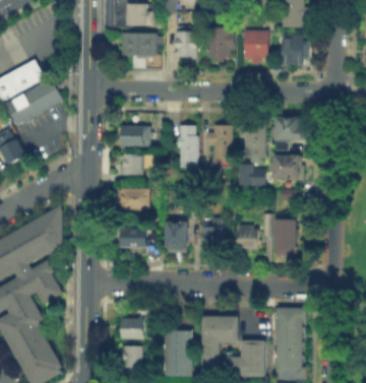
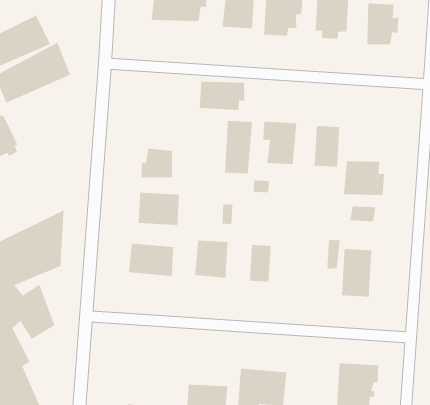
building: [274,115,301,140] -> none
building: [120,126,155,147] -> [199,81,245,110]
building: [240,165,267,185] -> none
building: [239,224,258,252] -> none
building: [121,317,143,339] -> none

